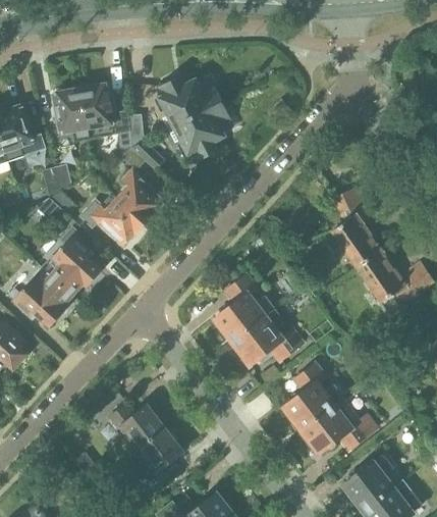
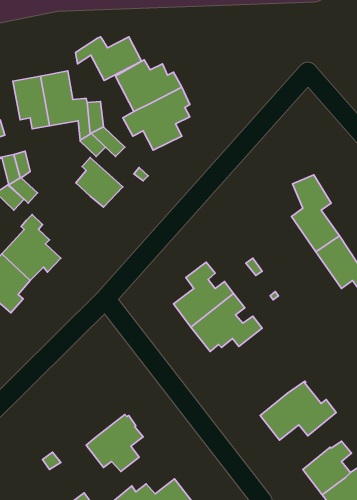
building: none -> [75,37,141,81]
building: [78,196,144,244] -> none
building: [282,363,345,429] -> none
building: [108,403,165,463] -> none

